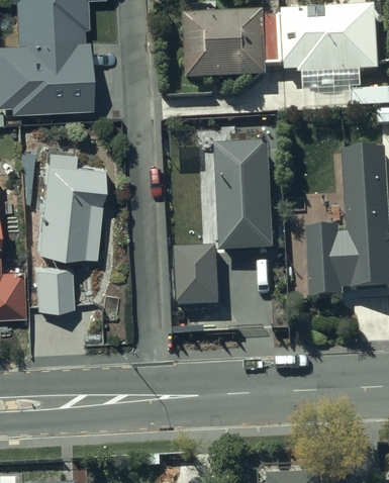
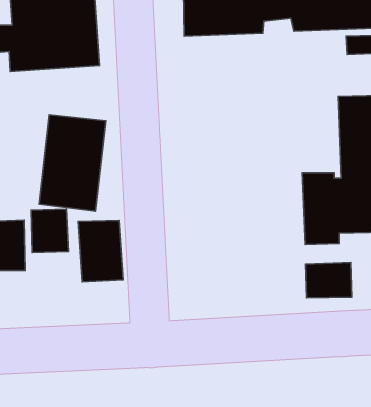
building: [213,135,270,245] -> none
building: [171,238,216,300] -> [78,220,123,282]
building: none -> [305,263,352,298]

